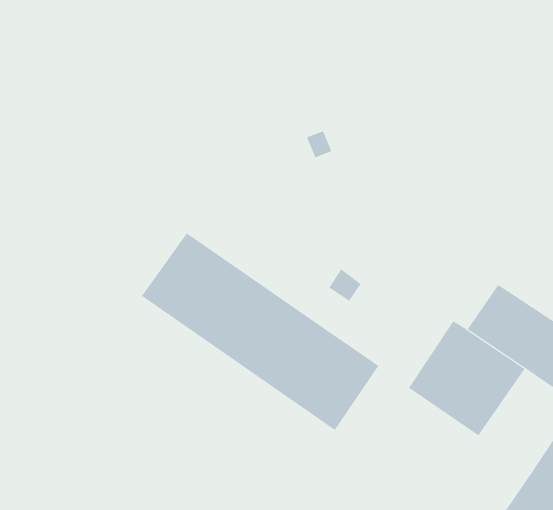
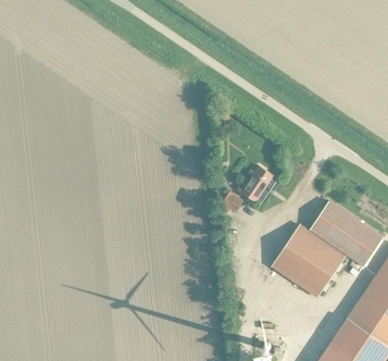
building: none -> [238,165,275,204]
building: [141,233,379,431] -> none

